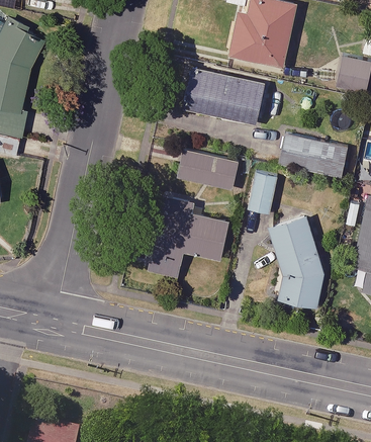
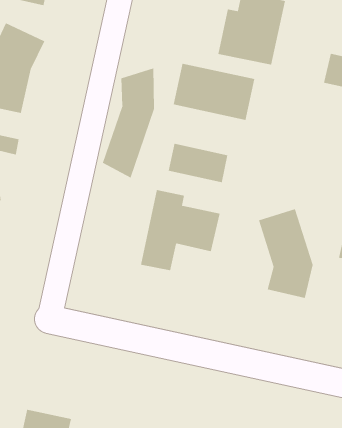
building: none -> [102,68,155,178]
building: [278,132,348,177] -> none
building: [247,172,277,213] -> none

